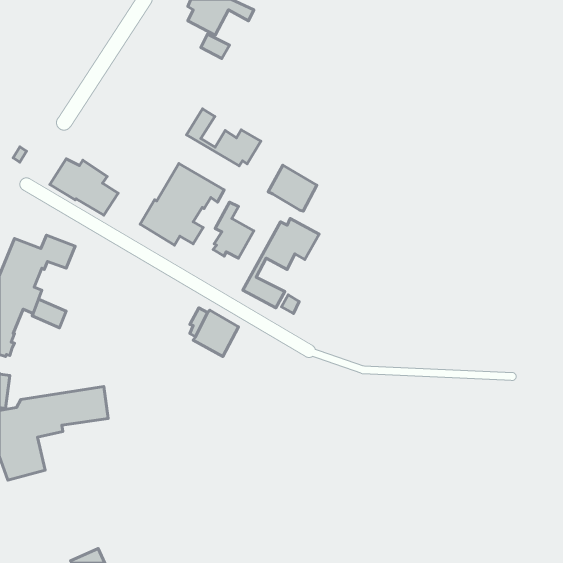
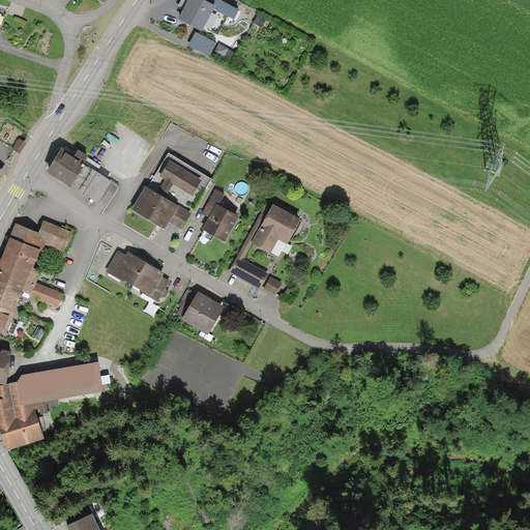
building: [187,109,261,166] -> none
building: [268,165,317,211] -> none
building: none -> [106,251,170,300]

